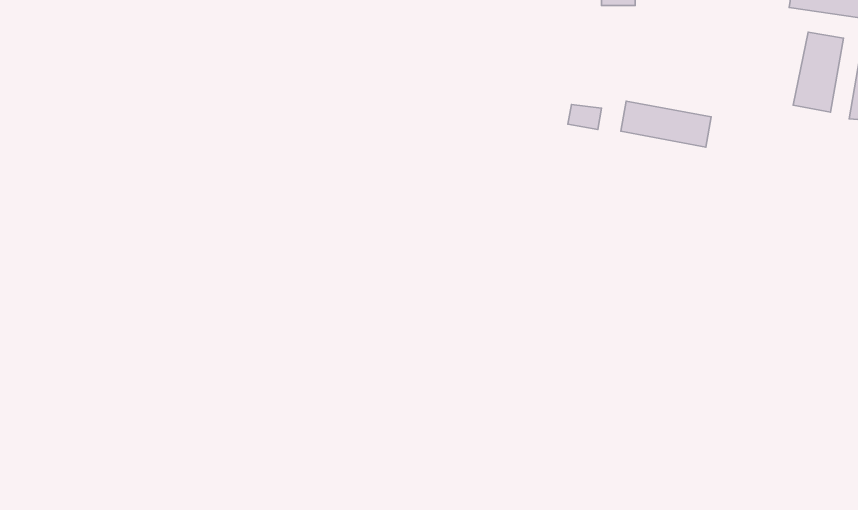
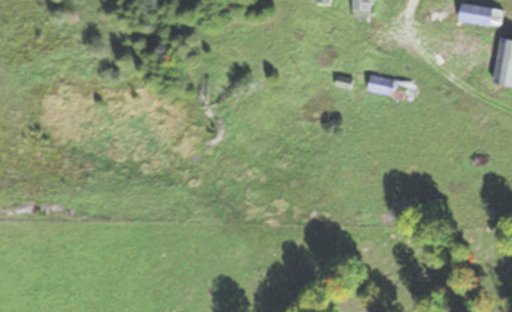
building: [793,32,843,112] -> none

